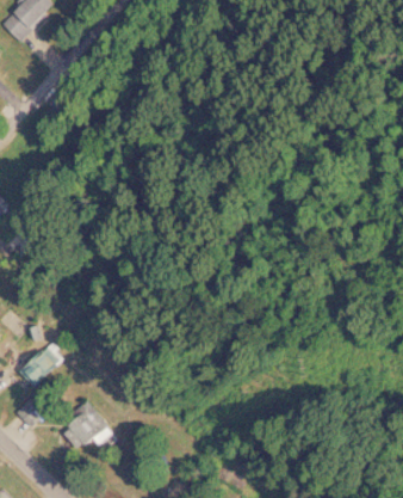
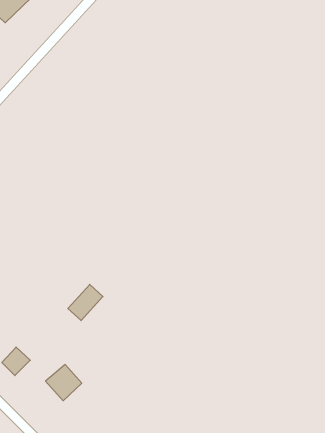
building: [21,345,60,385] -> [68,284,103,321]

